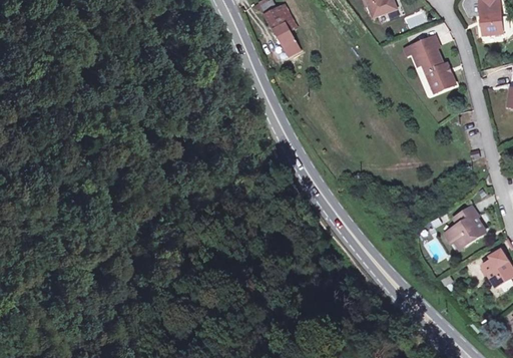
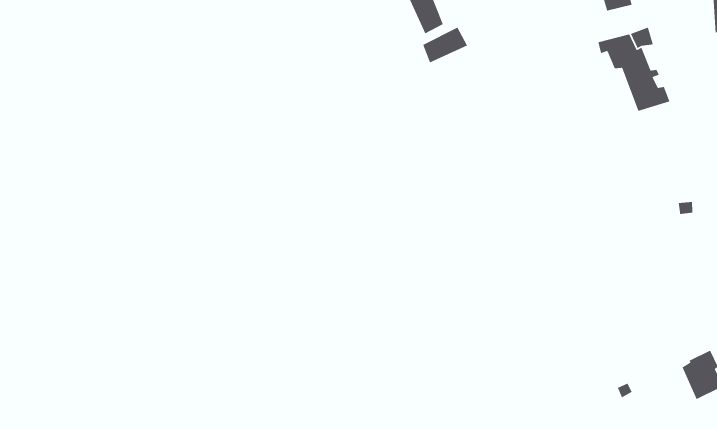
building: none -> [422,26,468,63]
building: [443,208,483,251] -> none

